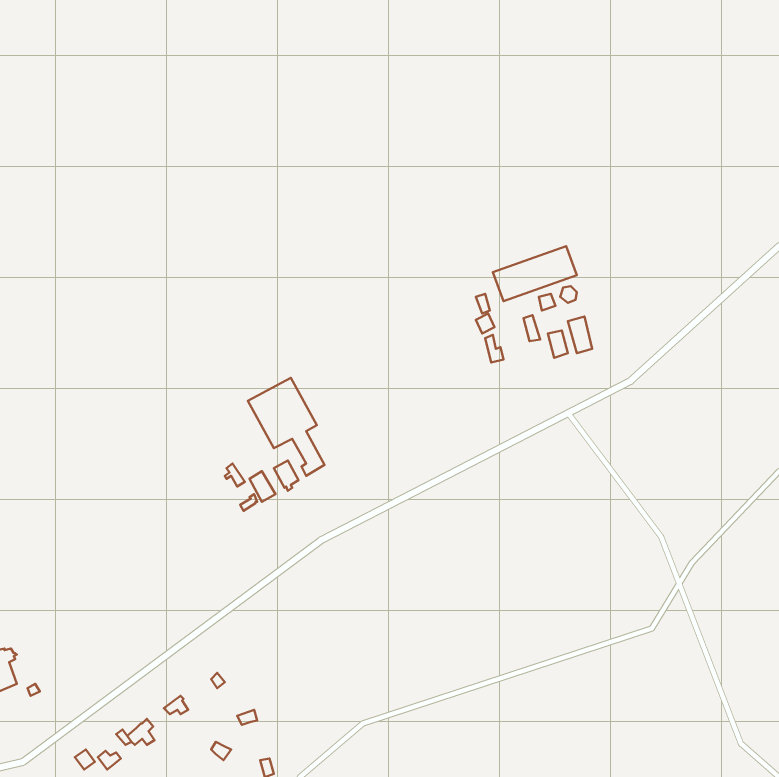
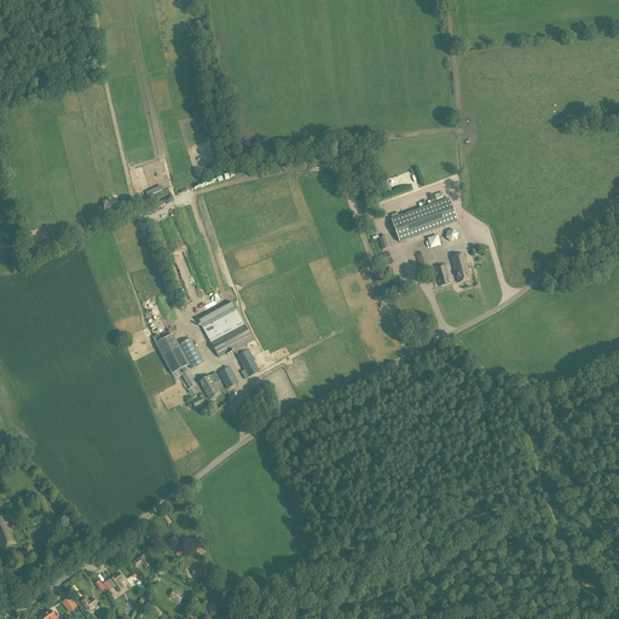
building: none -> [150,331,201,371]

